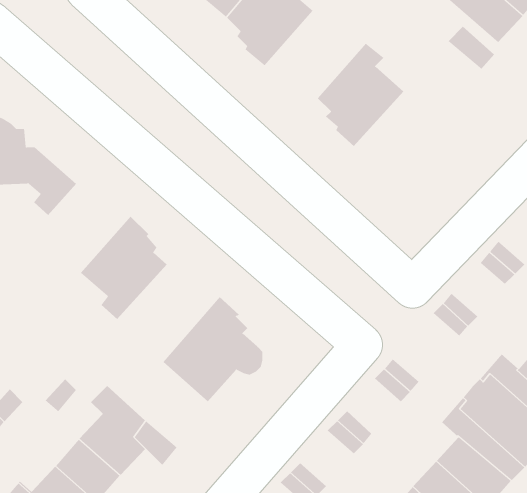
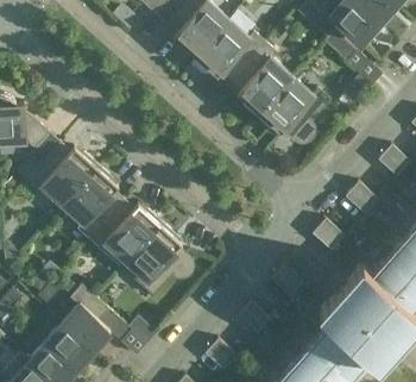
building: none -> [194,21,265,83]
building: none -> [257,79,330,144]
building: none -> [25,144,99,207]
building: none -> [89,201,162,270]

